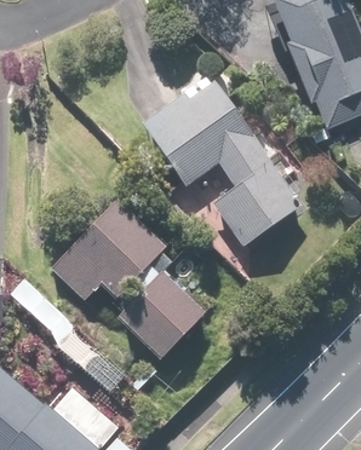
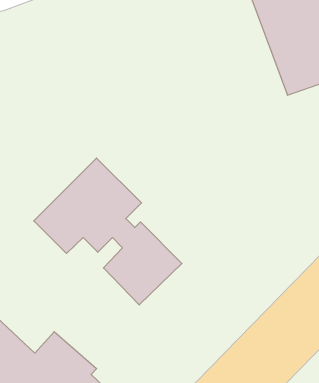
building: [147,77,298,244] -> none

